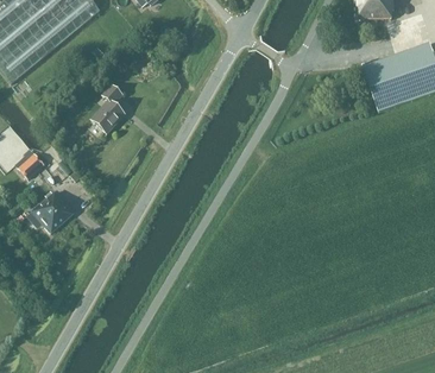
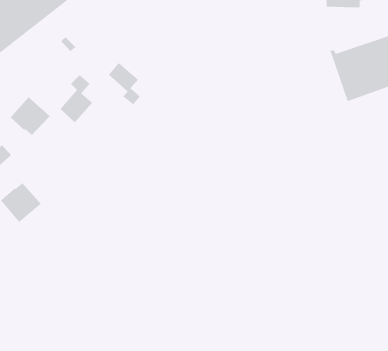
building: none -> [108,62,141,105]
building: none -> [10,97,51,136]

